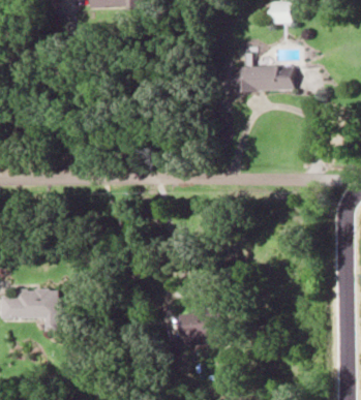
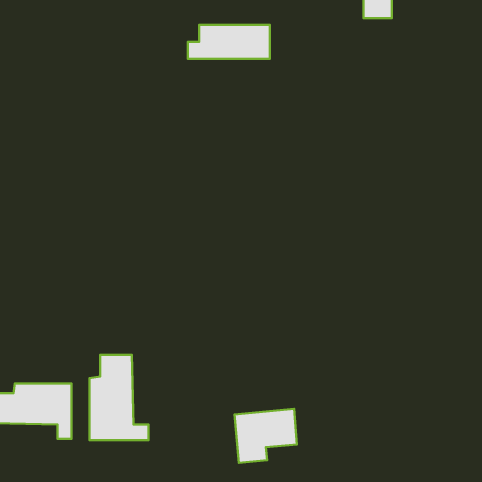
building: [234,66,294,91] -> [188,25,270,59]
building: none -> [90,355,148,440]

